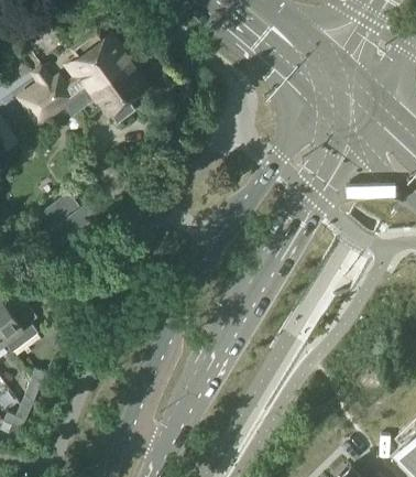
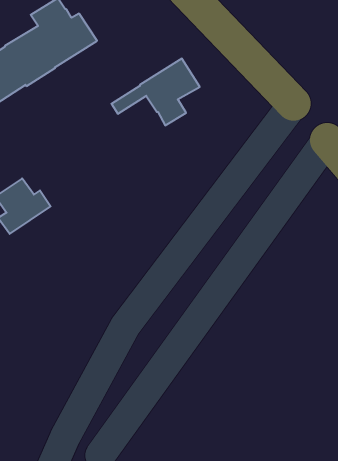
building: [64,61,145,124] -> [111,59,200,125]

